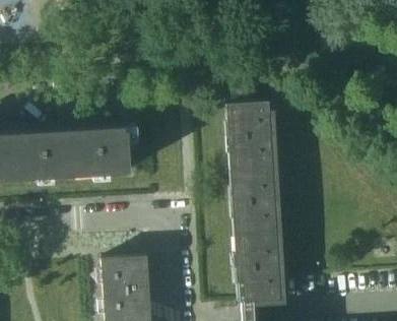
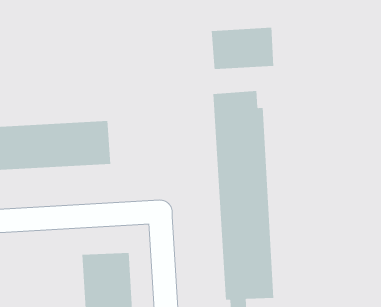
building: none -> [211,27,274,70]

